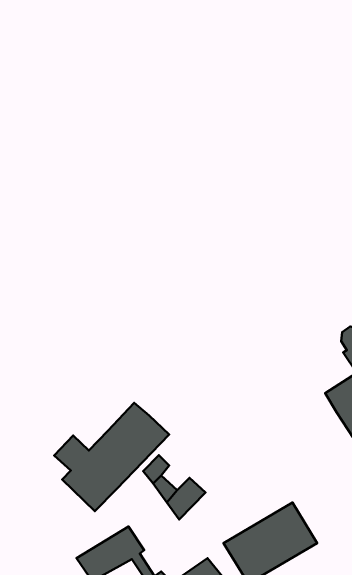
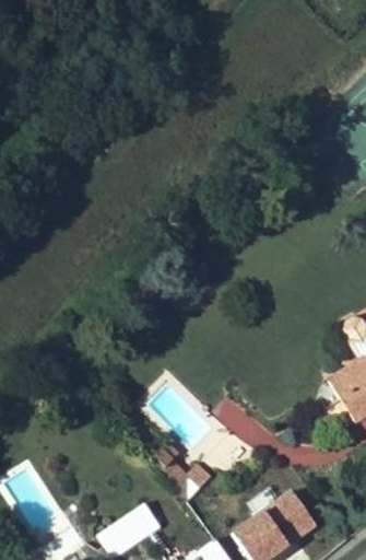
building: [54,403,169,511] -> none

